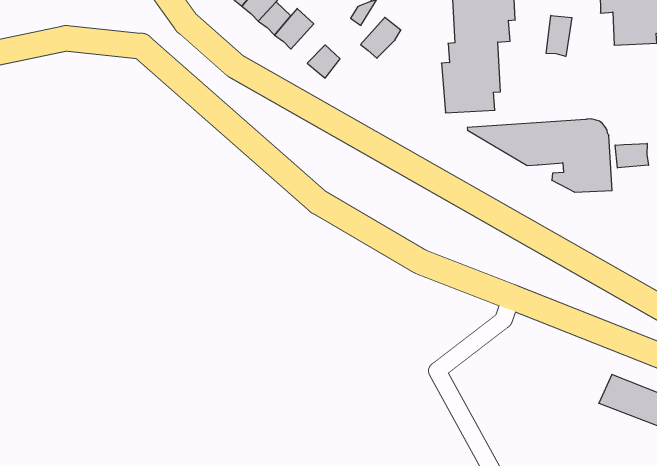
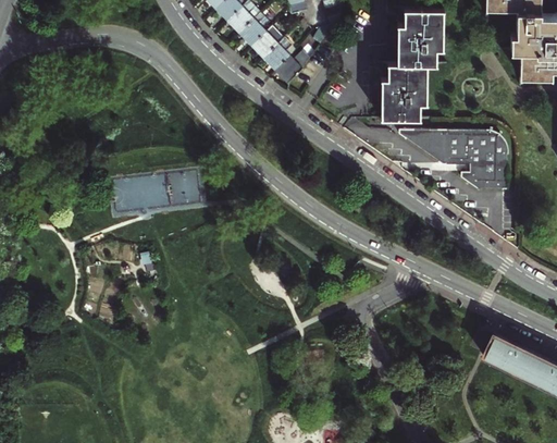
building: [546,15,572,56] -> none
building: [361,17,401,58] -> [264,40,297,72]
building: [615,143,648,168] -> none

